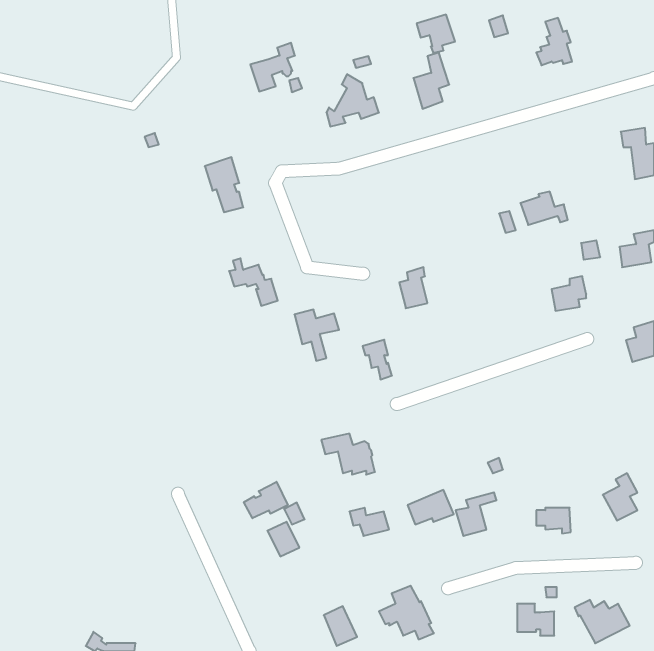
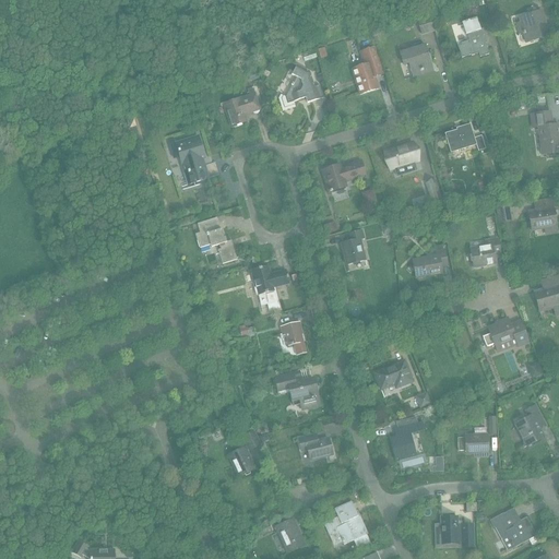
building: none -> [516,9,549,40]
building: [417,15,455,53] -> [400,43,432,75]
building: [250,43,295,91] -> [224,83,262,124]
building: none -> [384,141,417,168]
building: none -> [321,159,365,190]
building: [520,192,568,225] -> [444,122,485,151]
building: none -> [413,248,447,276]
building: [363,340,392,379] -> [281,320,306,354]
building: none -> [481,318,528,345]
building: [244,482,288,518] -> none
building: [408,490,454,524] -> [373,358,413,388]

